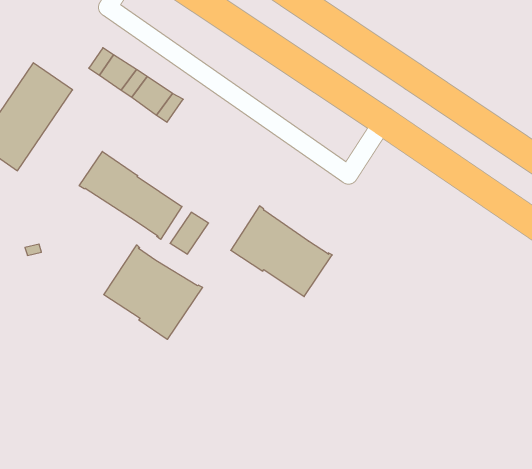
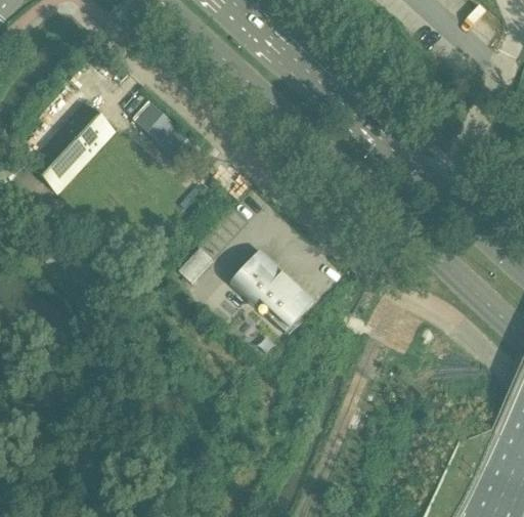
building: [79,151,182,239] -> none
building: [104,245,203,339] -> none

